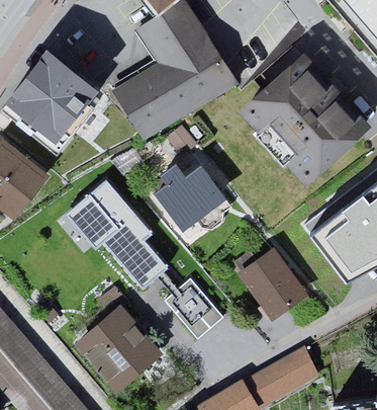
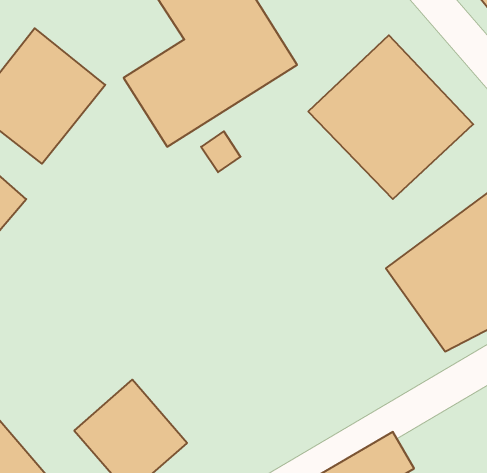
building: [150,150,228,226] -> none
building: [66,180,168,290] -> none
building: [244,249,304,313] -> none
building: [165,279,223,340] -> none

